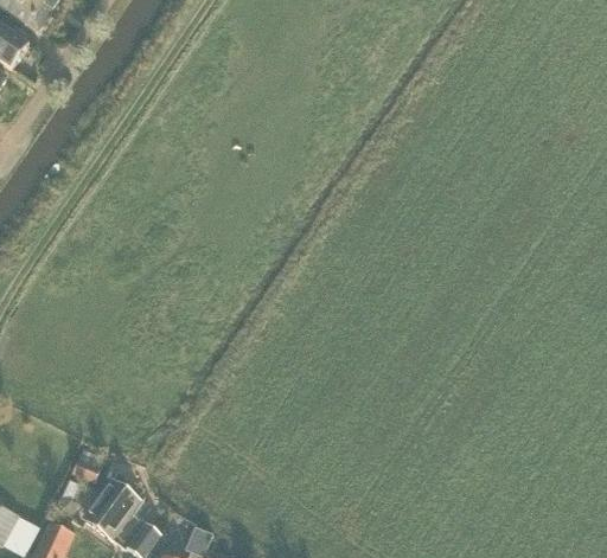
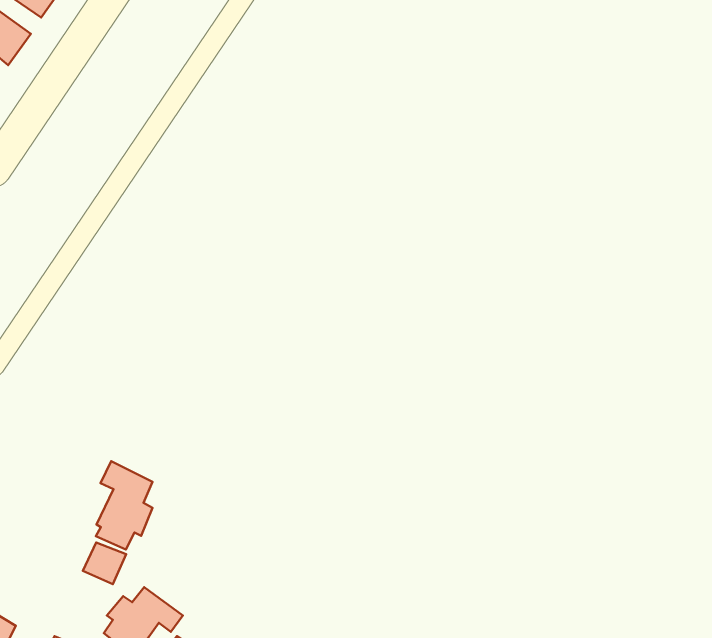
building: none -> [96,461,153,550]

